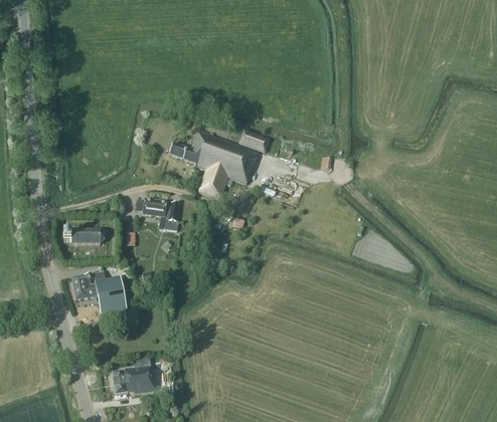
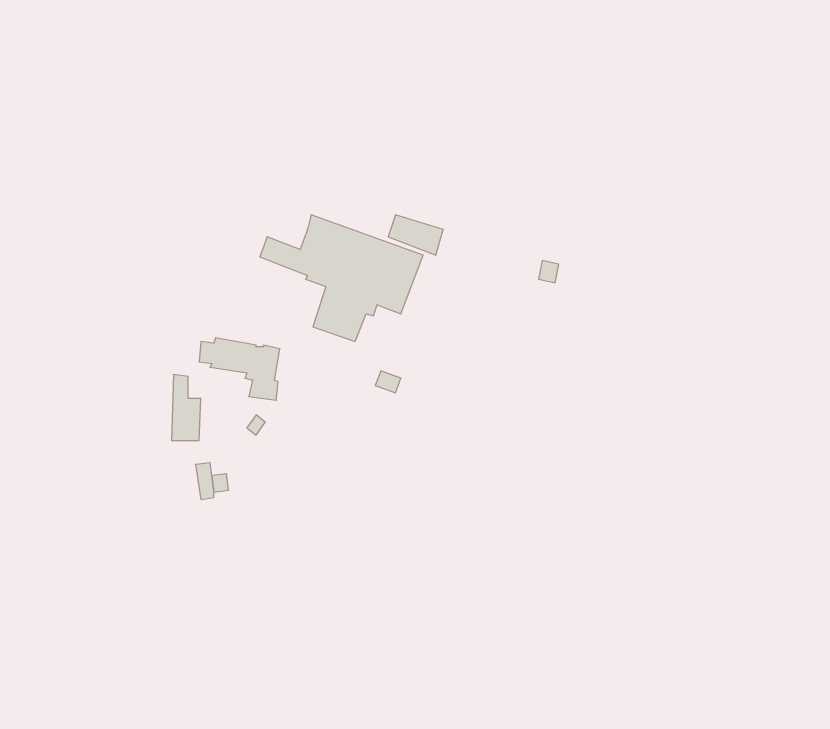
building: [63,229,105,244] -> none
building: [71,271,127,314] -> none
building: [112,359,154,394] -> none

